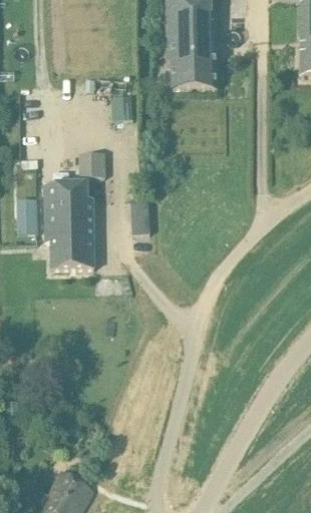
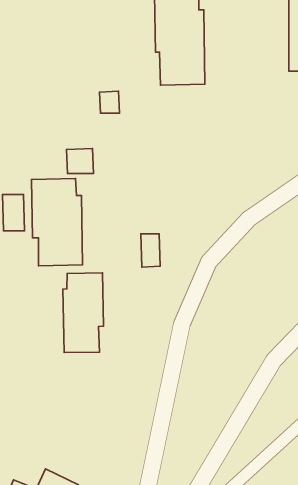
building: [130,199,149,232] -> [141,234,160,267]
building: none -> [63,273,103,352]

